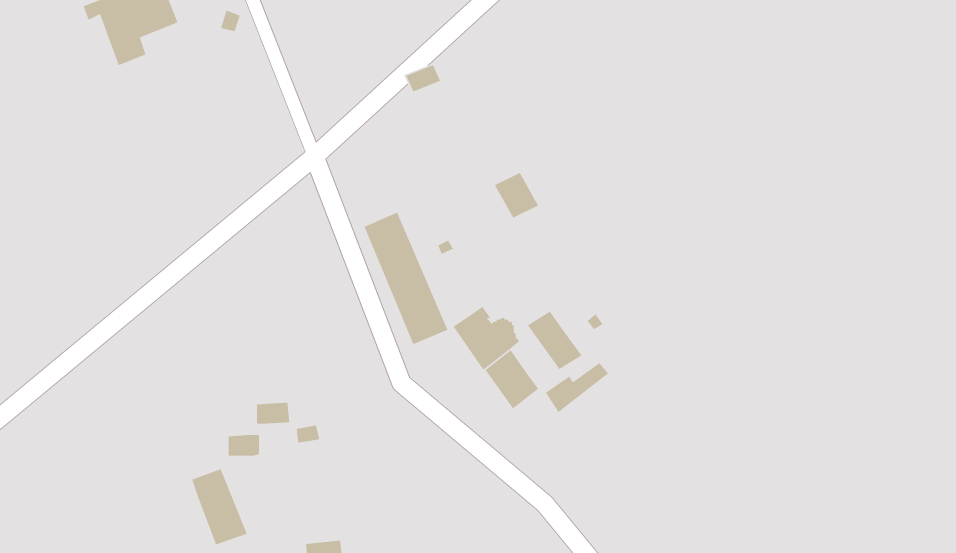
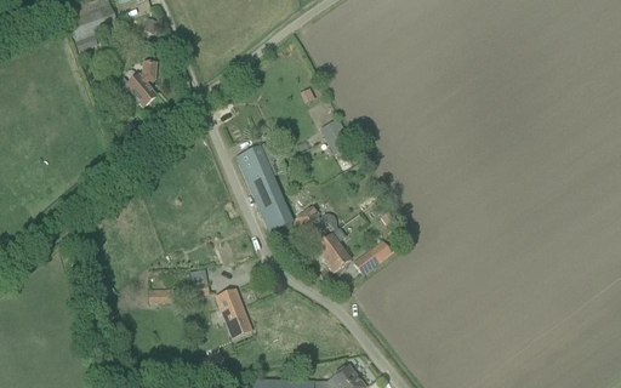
building: none -> [118,61,156,105]
building: [527,310,582,370] -> none
building: [191,468,248,545] -> [216,287,252,337]

